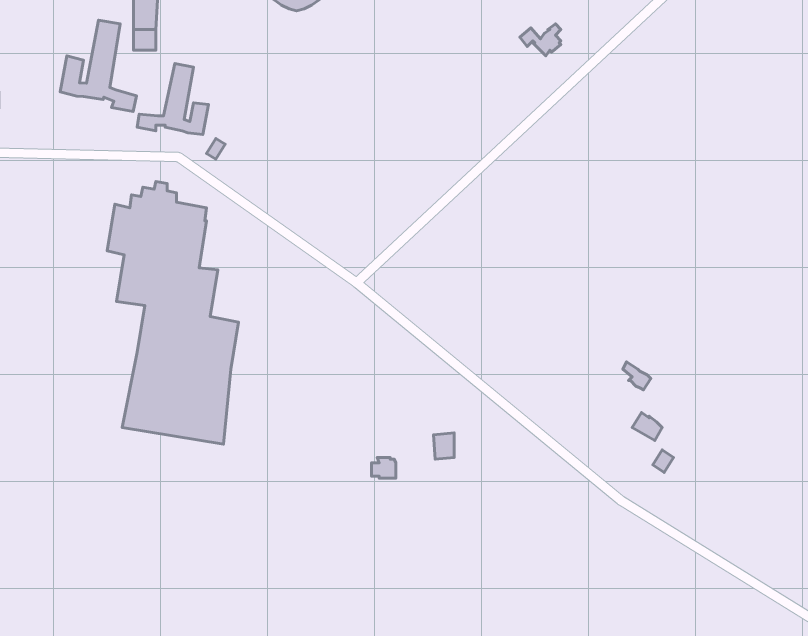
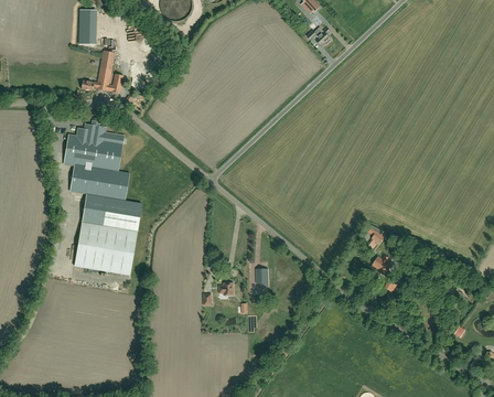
building: [60,20,137,111] -> none

